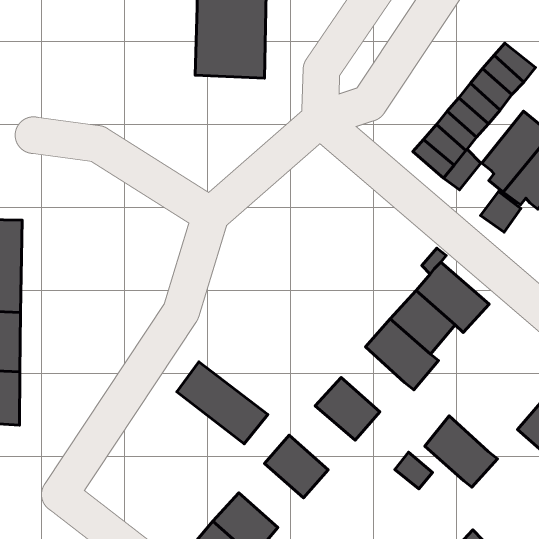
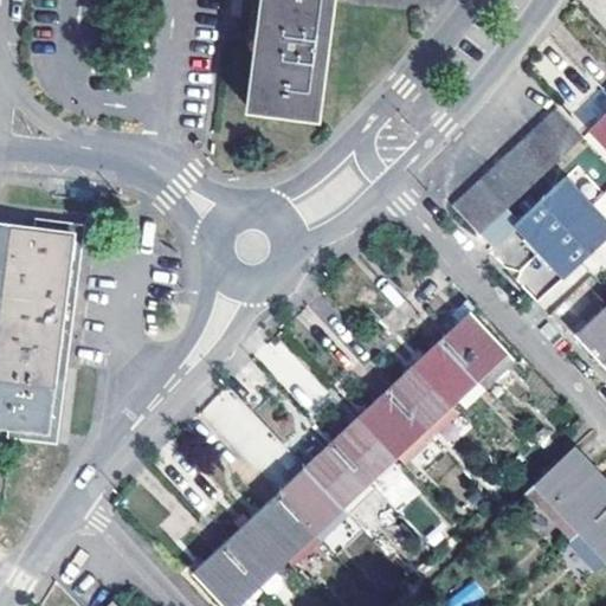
building: none -> [304,443,368,507]
building: [425,416,498,487] -> [361,391,431,463]
building: none -> [249,494,316,563]

